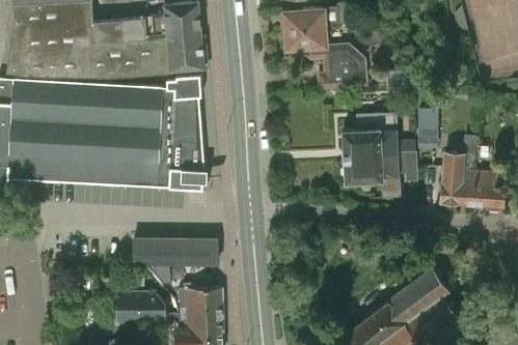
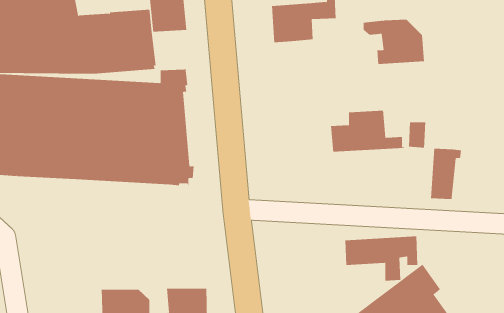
building: [166,36,202,71] -> none
building: [304,45,365,89] -> [363,19,425,65]
building: [344,152,416,197] -> [345,236,418,281]
building: [462,154,505,211] -> none
building: [133,238,217,284] -> none

